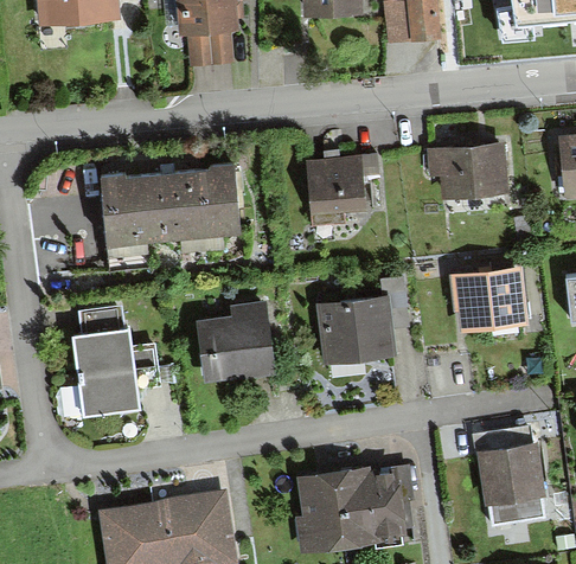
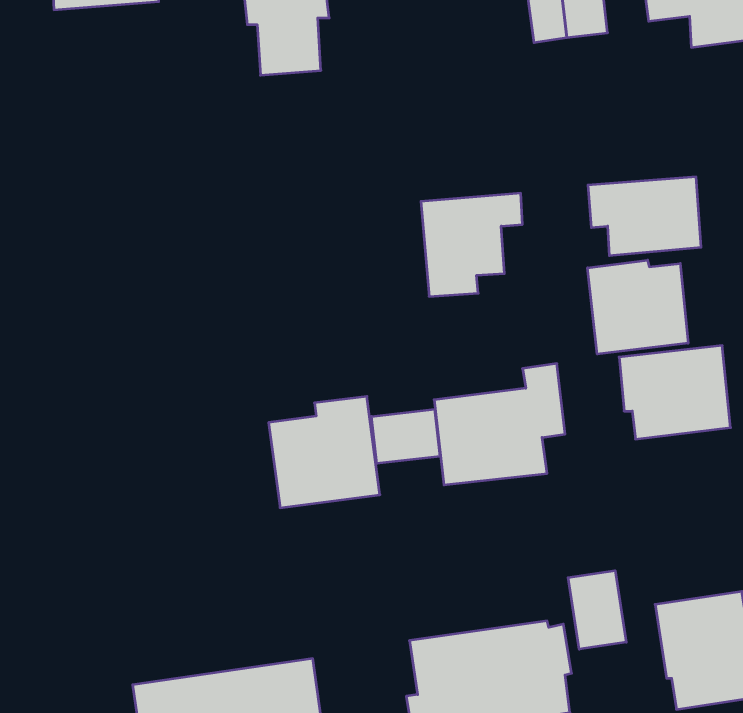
building: [101,161,239,242] -> none
building: none -> [588,260,688,354]
building: [72,307,159,416] -> none
building: none -> [372,409,440,464]
building: none -> [568,571,626,649]

